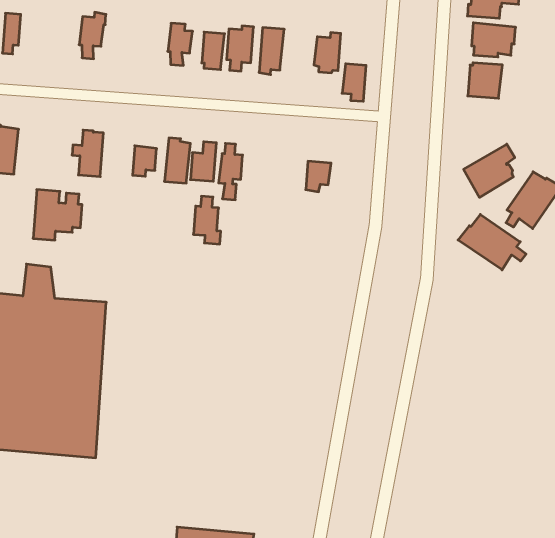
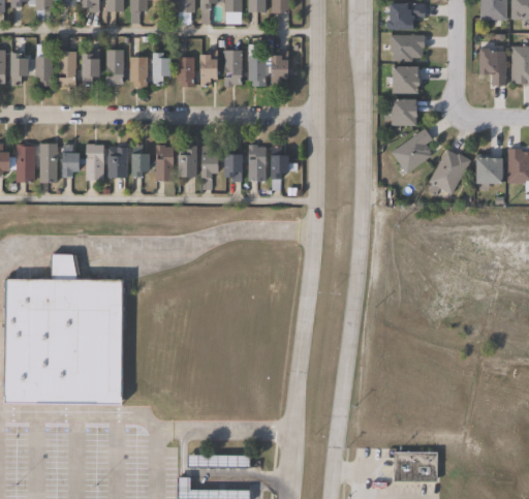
building: none -> [58,51,75,86]
building: none -> [105,49,123,85]
building: none -> [34,55,53,85]
building: none -> [129,56,147,86]
building: [342,64,366,101] -> [248,56,266,85]
building: none -> [392,97,416,124]
building: none -> [105,146,125,177]
building: none -> [249,144,266,180]
building: [33,190,82,240] -> [39,143,76,182]
building: [193,196,221,244] -> [222,145,244,182]
building: [458,214,526,270] -> none

